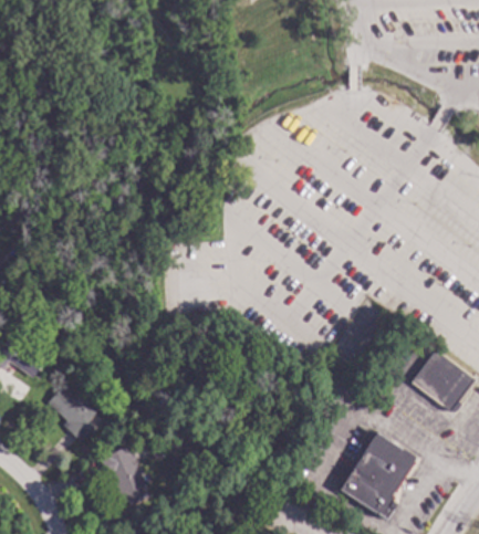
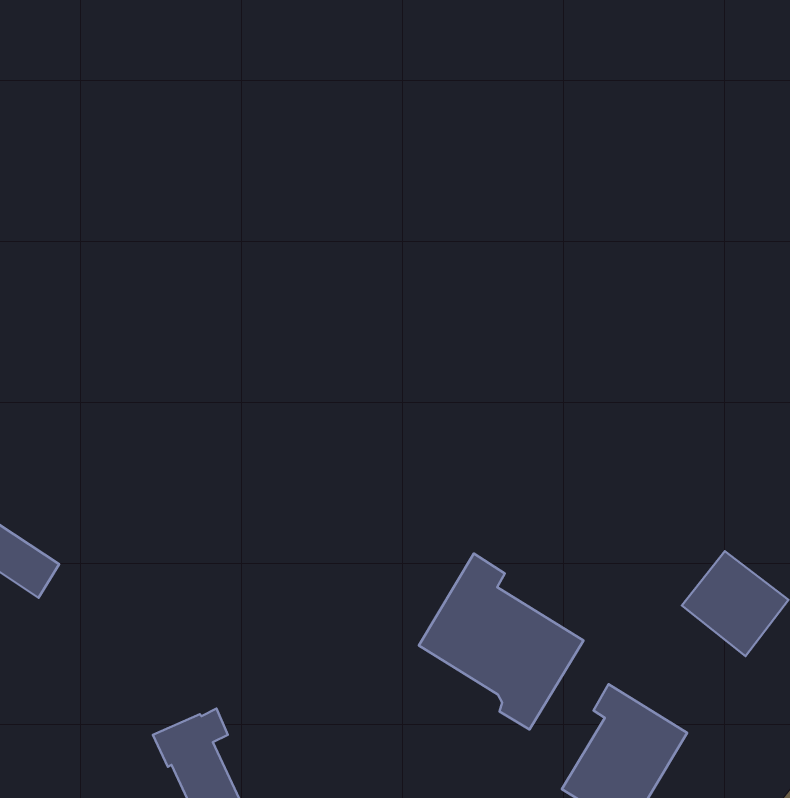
building: none -> [419,554,584,729]
building: [49,384,96,442] -> none

